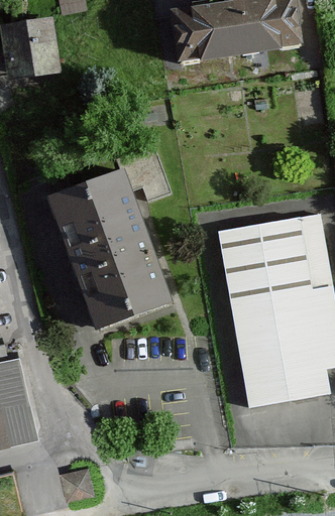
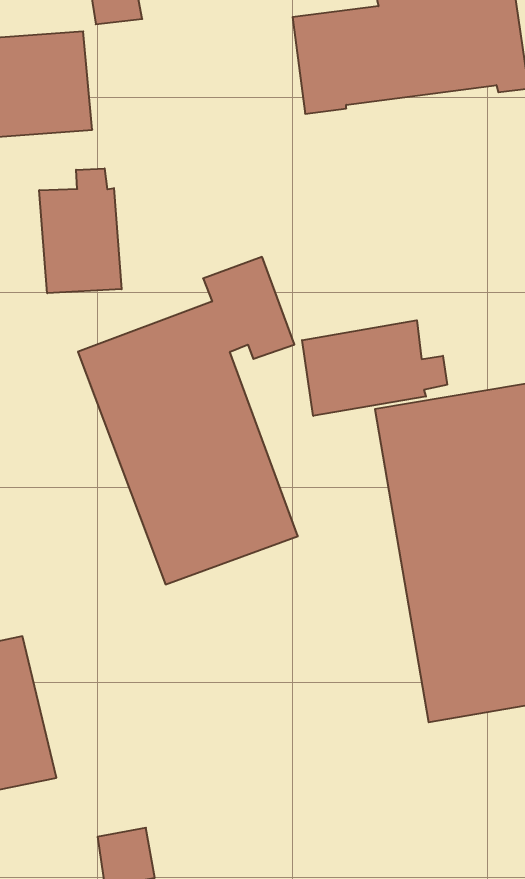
building: none -> [39,168,122,293]
building: none -> [302,320,447,416]

